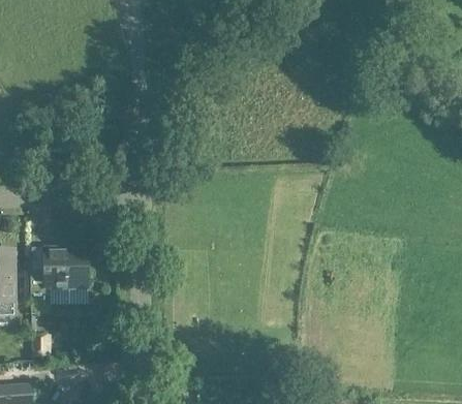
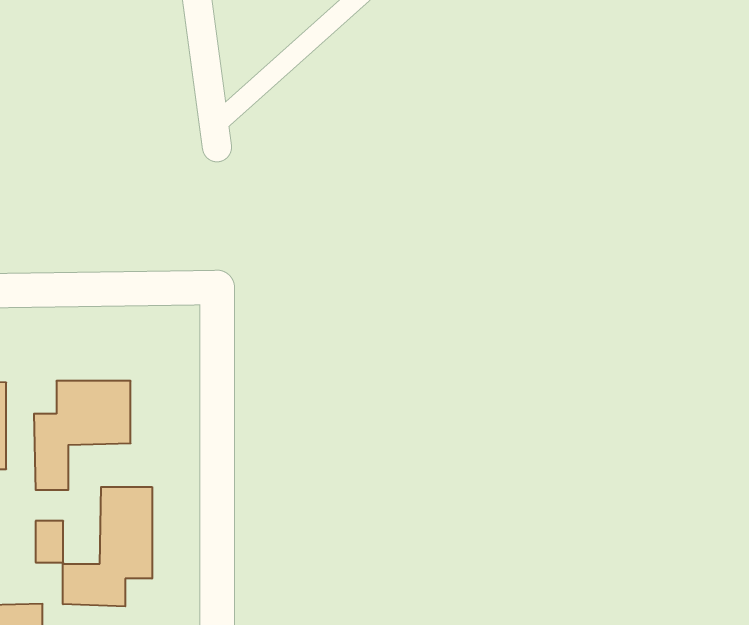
building: none -> [63,487,152,606]

